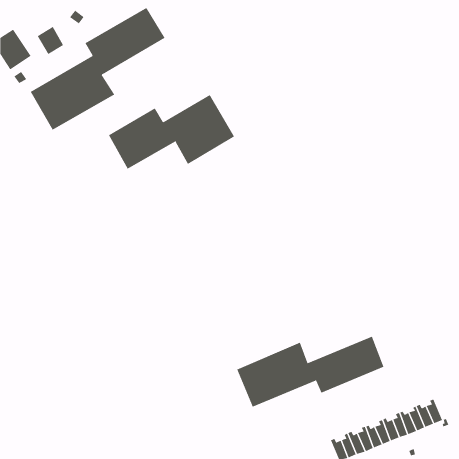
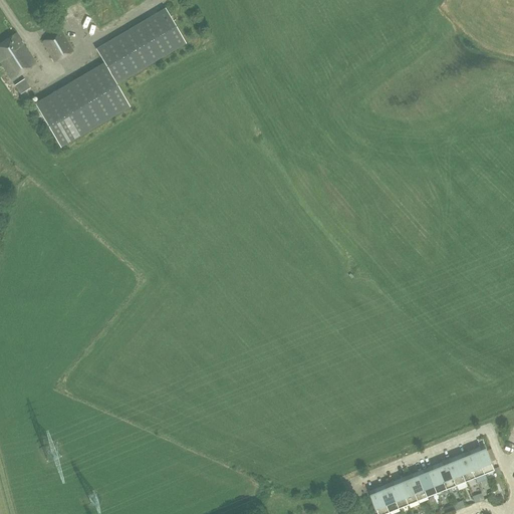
building: [108,94,235,170] -> none
building: [237,336,384,408] -> none

